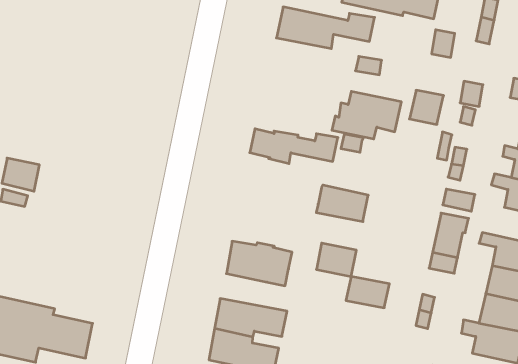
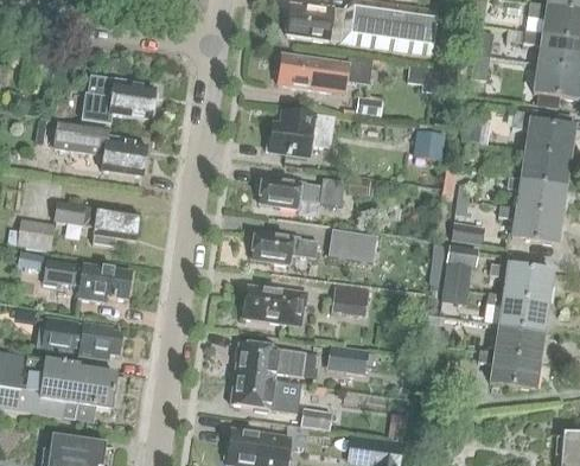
building: none -> [81,72,155,121]
building: none -> [55,119,146,175]
building: [332,91,401,139] -> [266,110,332,155]
building: none -> [56,202,139,243]
building: none -> [251,232,316,264]
building: none -> [44,257,132,302]
building: none -> [43,317,122,358]
building: [346,277,389,308] -> [326,344,368,372]

